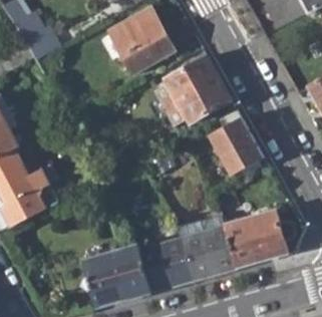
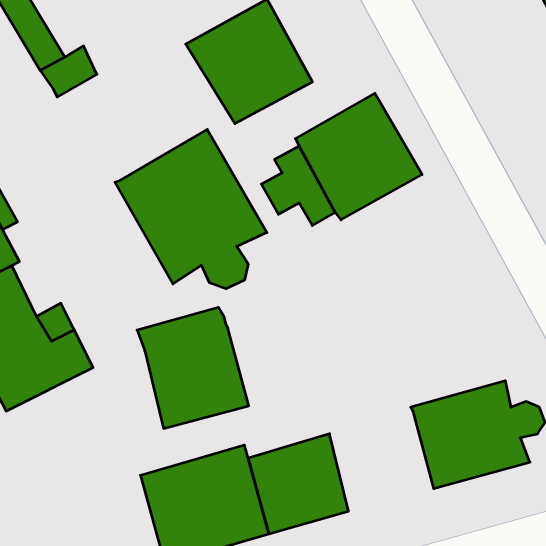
building: none -> [115,129,267,289]
building: [197,109,265,183] -> none
building: [181,215,240,279] -> [137,307,249,428]

